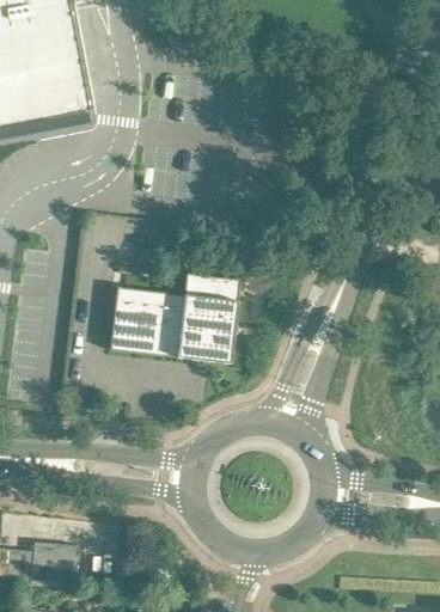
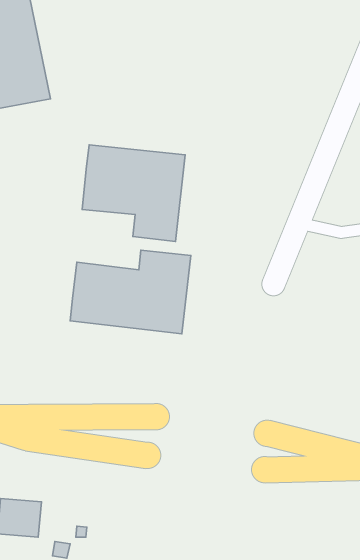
building: none -> [82,145,185,241]

